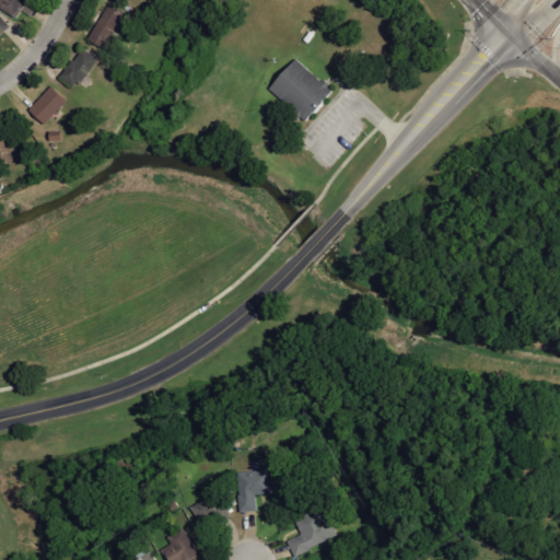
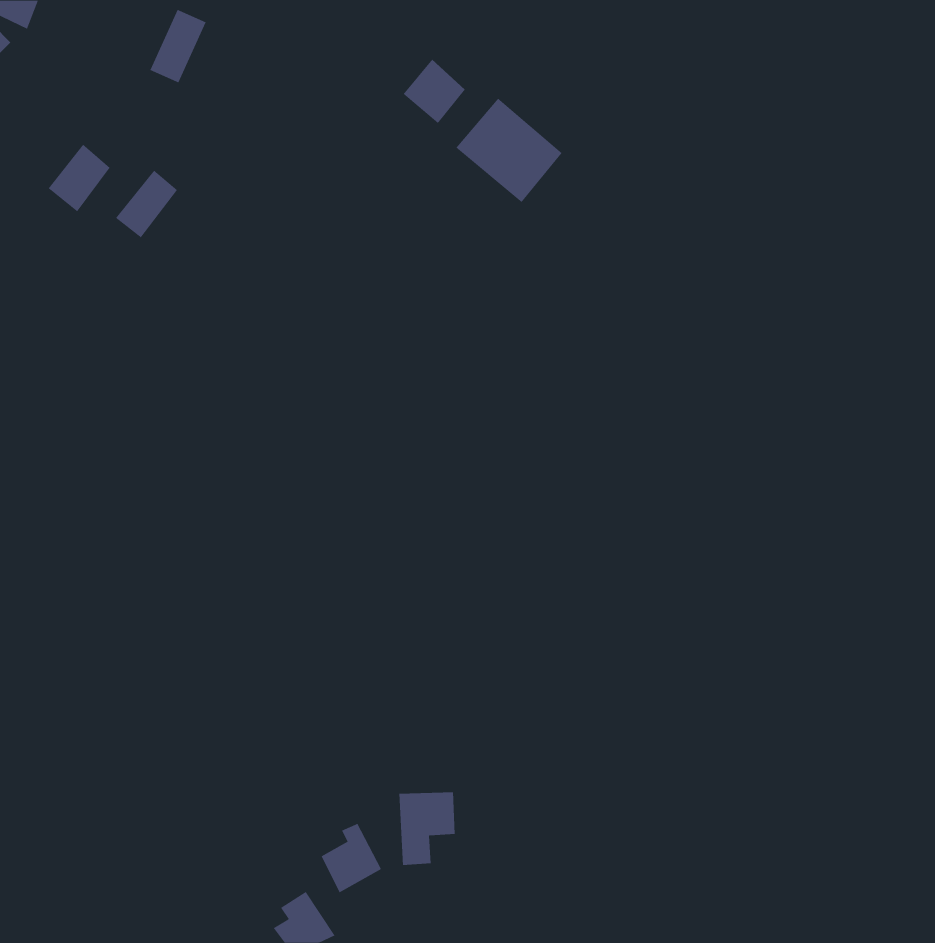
building: none -> [403,59,465,124]
building: [59,49,96,90] -> [115,170,178,238]
building: [288,510,337,555] -> none

